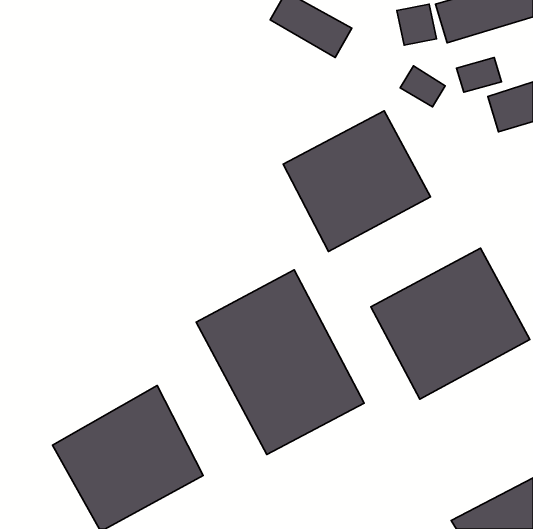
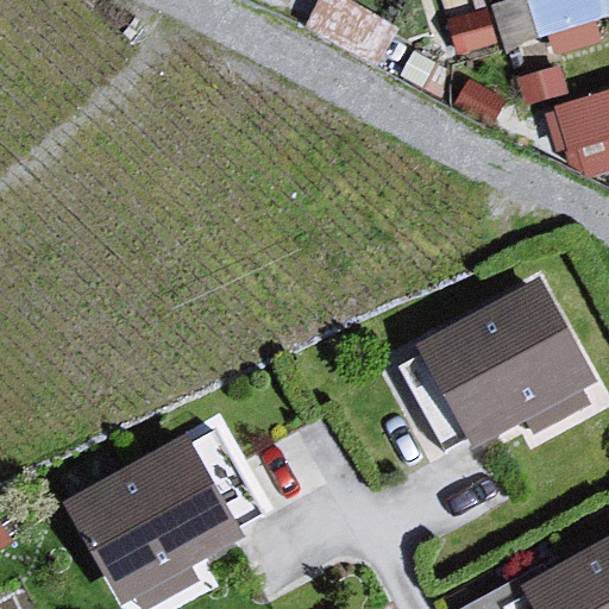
building: [283,111,430,251] -> none
building: [196,270,364,454] -> none

